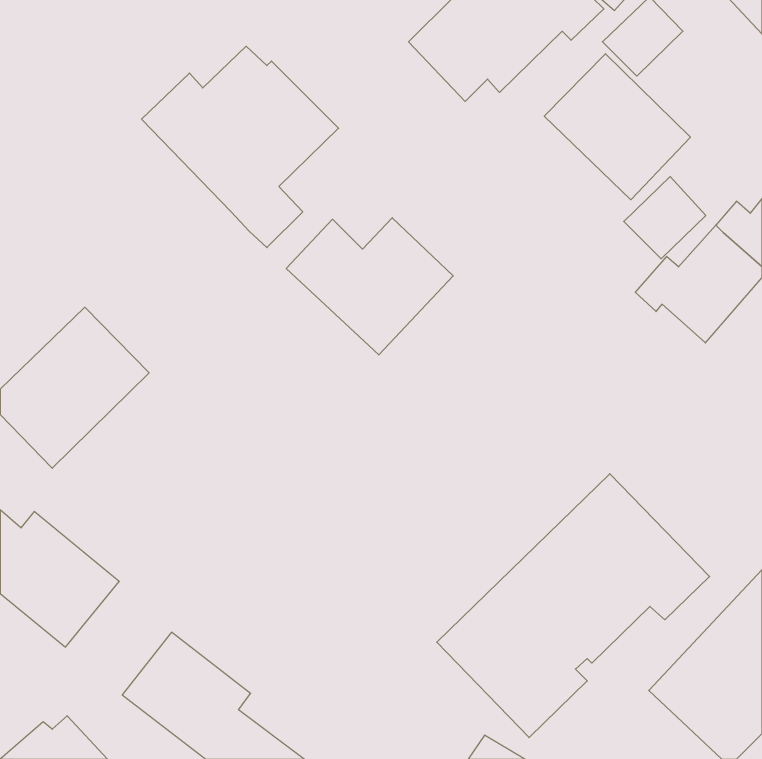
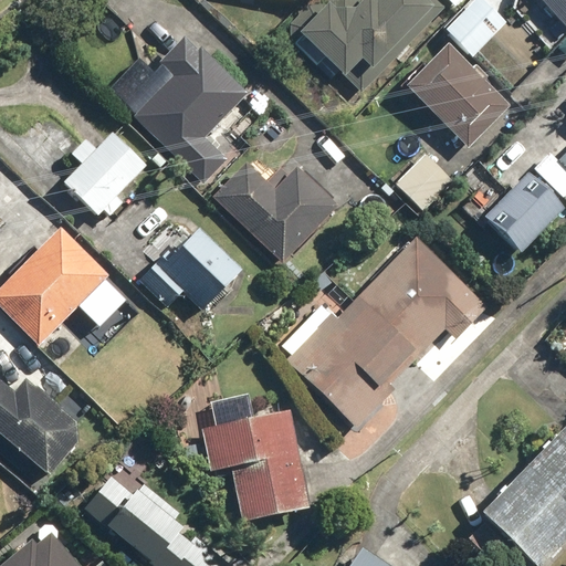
building: [624,177,706,259] -> [395,150,455,211]
building: none -> [64,132,147,214]
building: none -> [135,227,242,311]
building: [437,474,710,738] -> [287,233,490,429]
building: none -> [200,406,310,522]

